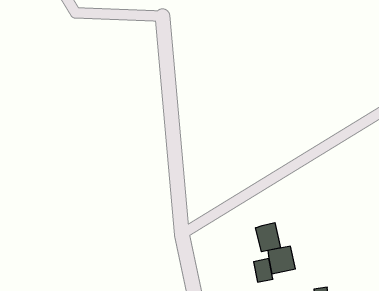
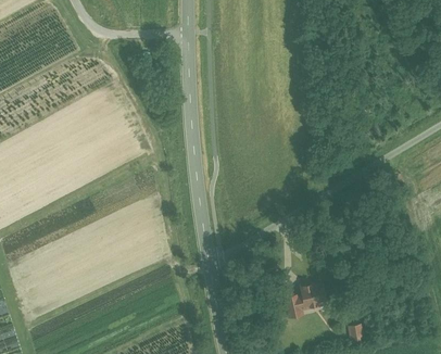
building: [256,223,280,252] -> none

